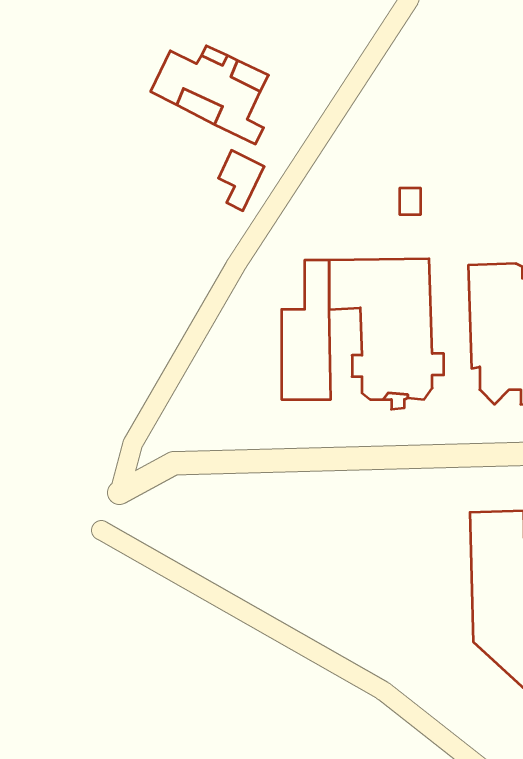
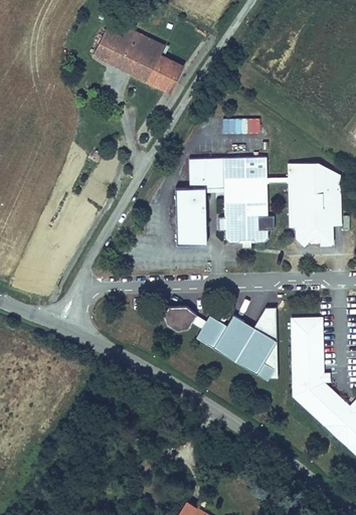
building: [218,150,264,211] -> [153,57,181,95]
building: none -> [164,305,196,331]
building: none -> [195,307,278,380]

